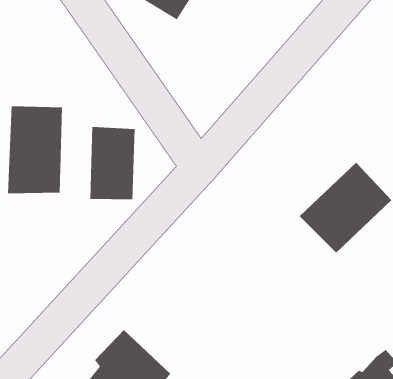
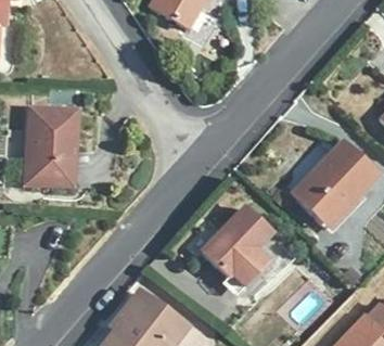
building: [90,126,135,200] -> none
building: none -> [204,213,272,283]

